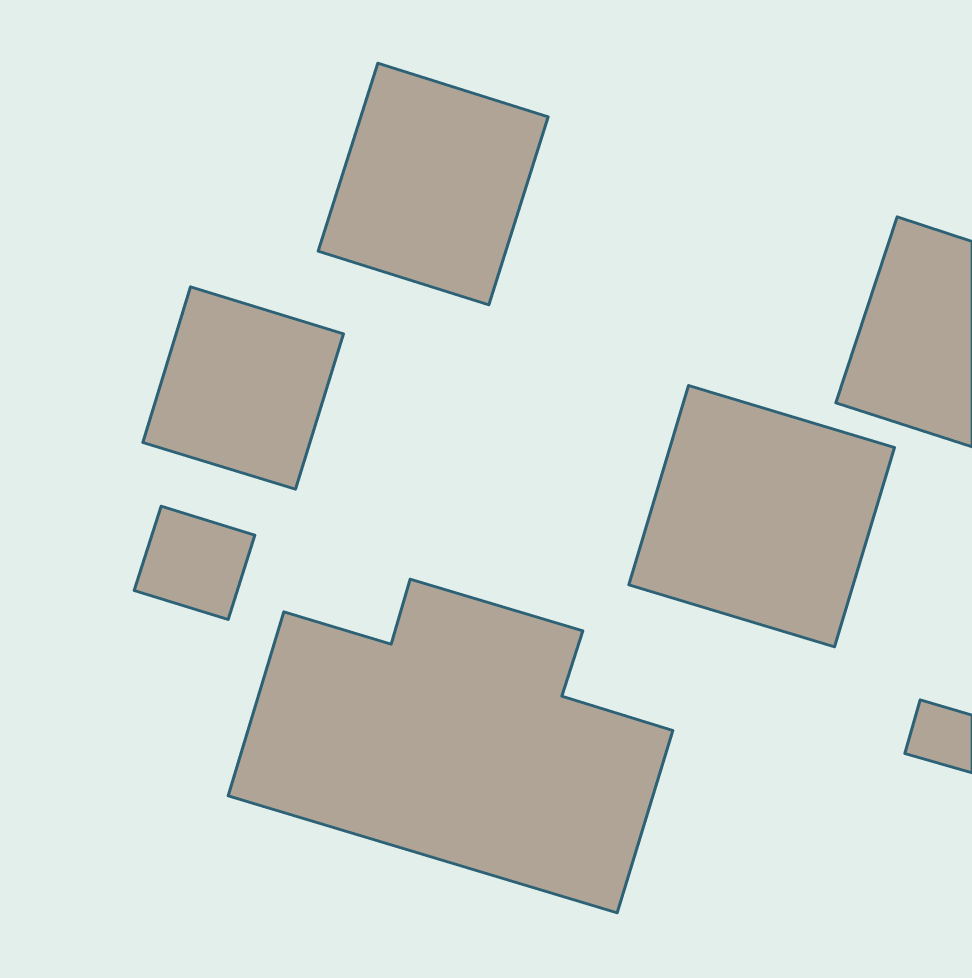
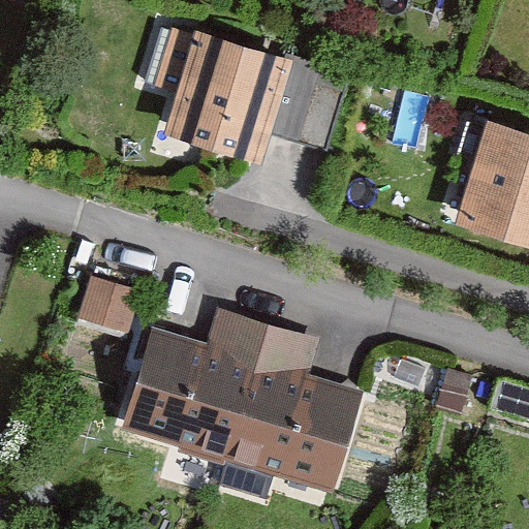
building: [143,287,343,489] -> none
building: [629,385,894,647] -> none

